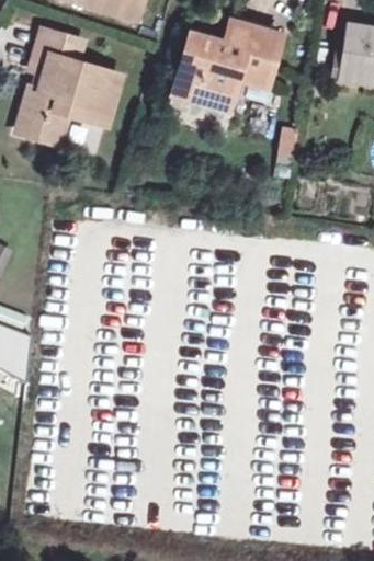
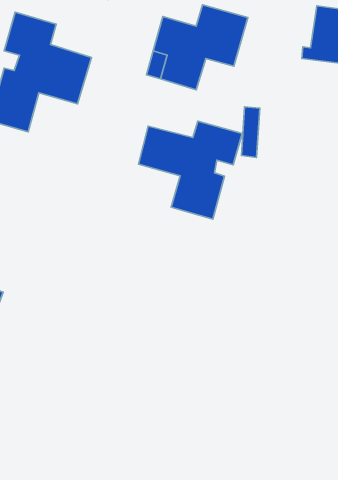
building: none -> [138,121,242,219]

